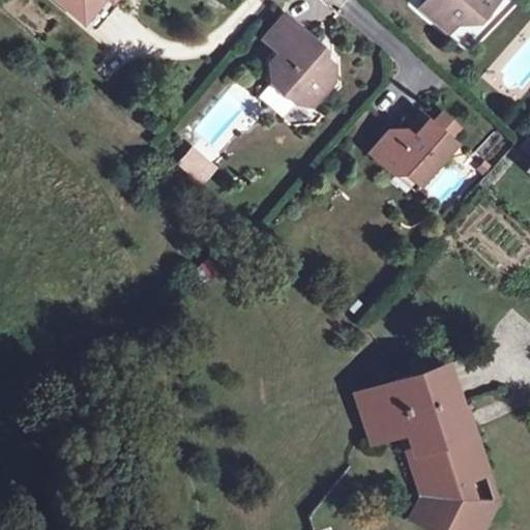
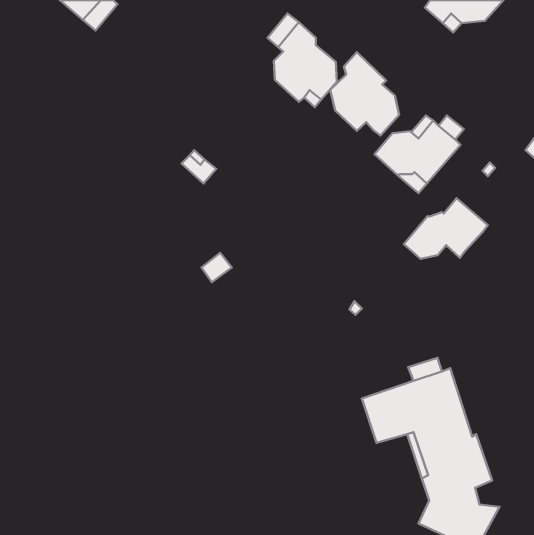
building: none -> [330,52,399,135]
building: none -> [404,198,488,259]

